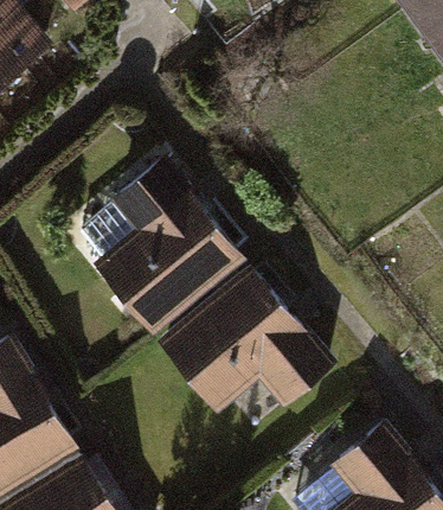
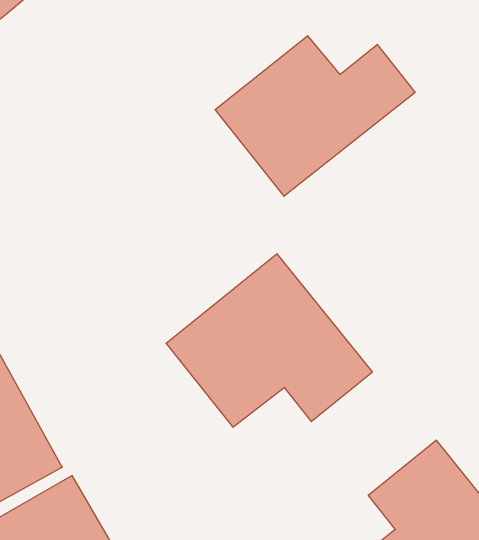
building: none -> [215,36,415,196]
building: [96,162,242,334] -> none

